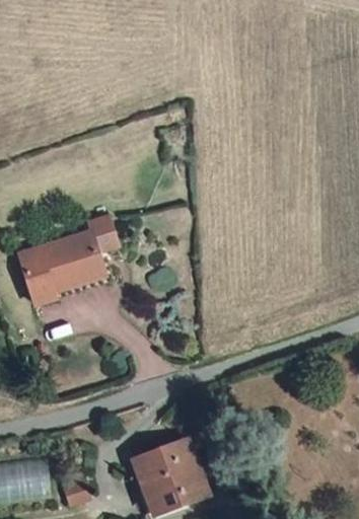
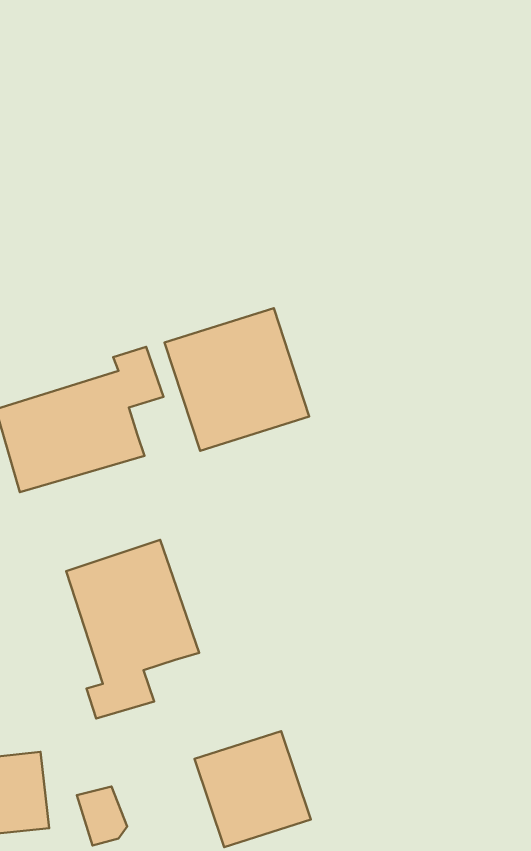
building: none -> [165,308,309,451]
building: none -> [66,540,199,719]

